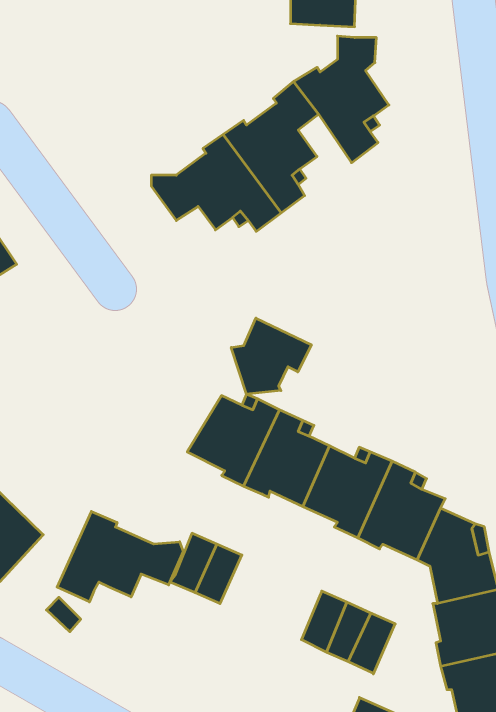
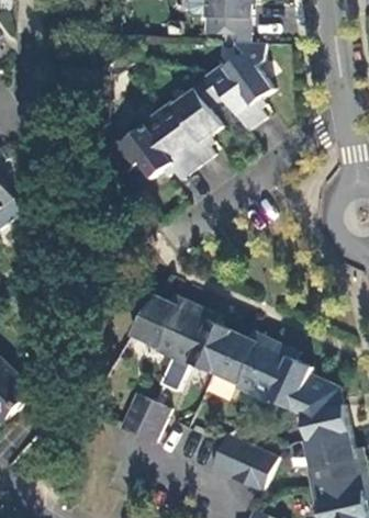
building: [231,318,311,394] -> none
building: [57,511,183,602] -> none

